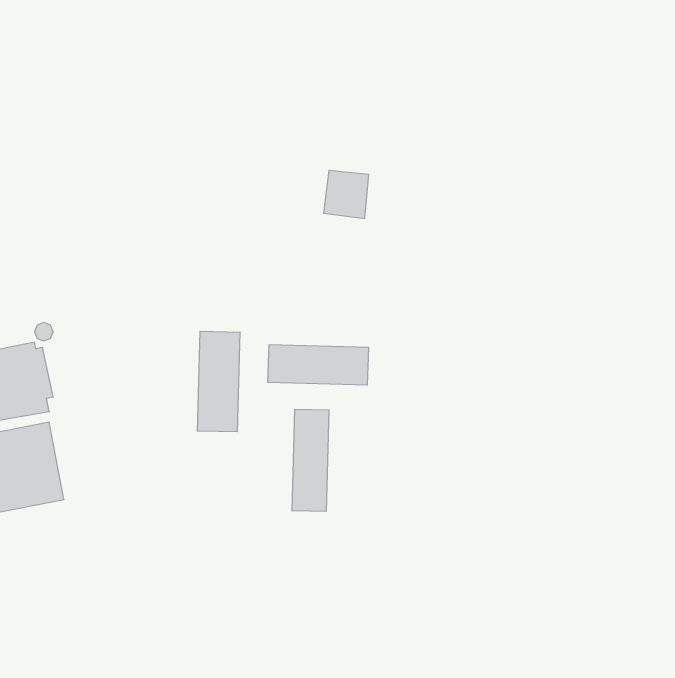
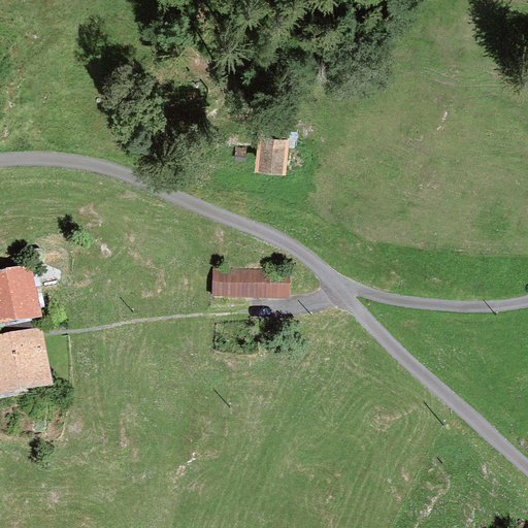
building: [197,331,240,432] -> none
building: [292,409,329,511] -> none

